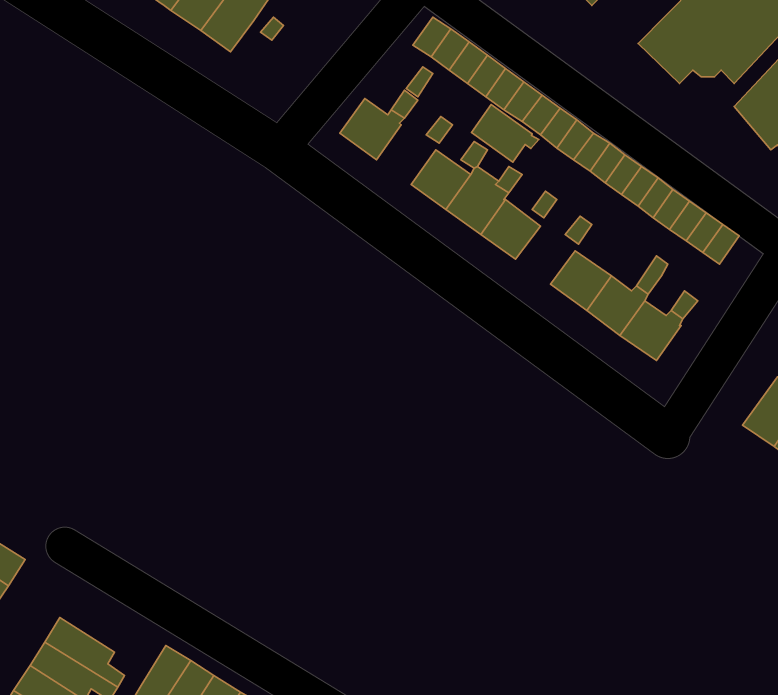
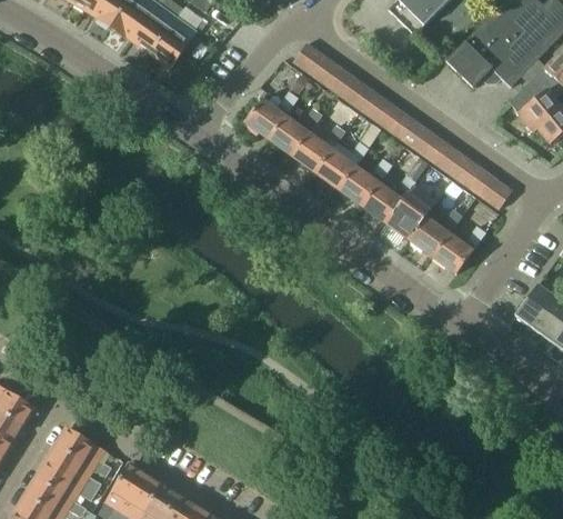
building: [472,104,539,162] -> none
building: none -> [270,116,310,156]
building: none -> [363,183,403,222]
building: none -> [58,428,111,476]

